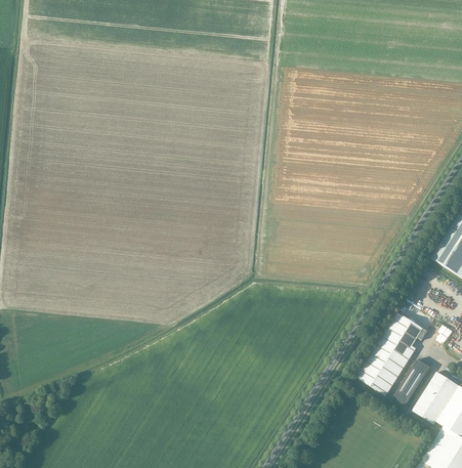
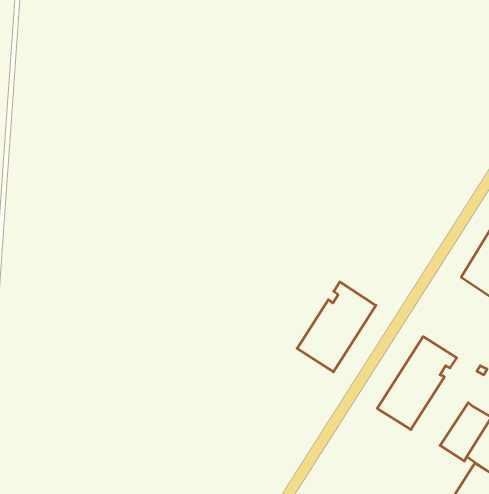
building: none -> [297,282,376,372]
building: [395,359,432,407] -> none

